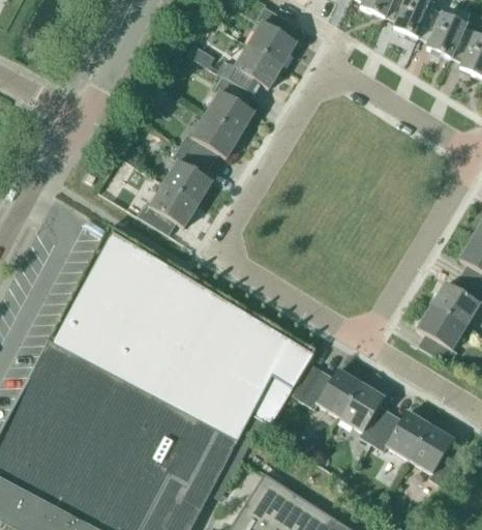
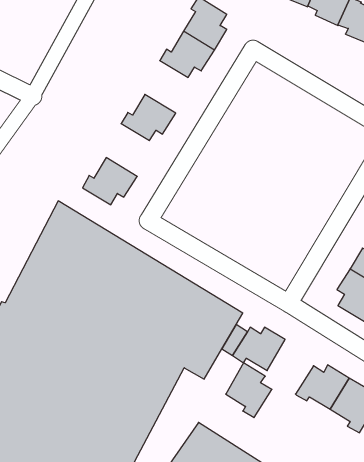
building: [206,78,253,136] -> none
building: [163,147,212,205] -> none
building: [340,384,391,444] -> [226,363,272,418]

